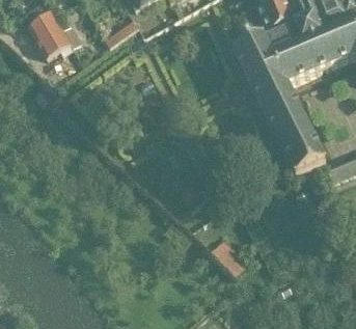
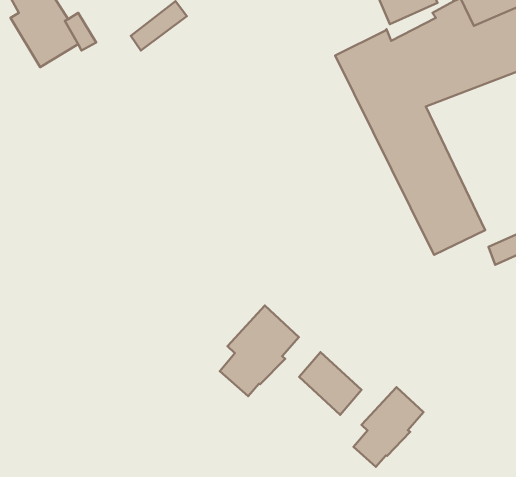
building: none -> [220,306,299,396]
building: none -> [353,387,423,467]

